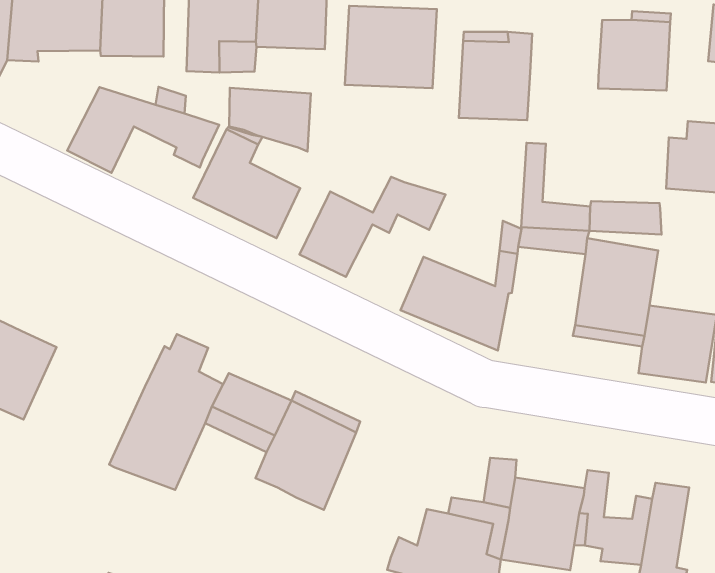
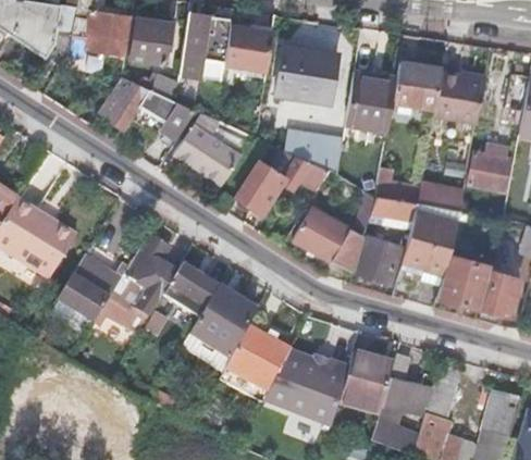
building: none -> [393,61,443,112]
building: [229,88,311,152] -> [289,128,343,174]
building: none -> [358,236,400,284]
building: none -> [57,256,128,325]
building: none -> [225,327,292,393]

